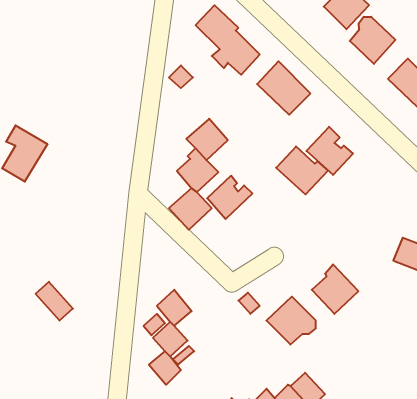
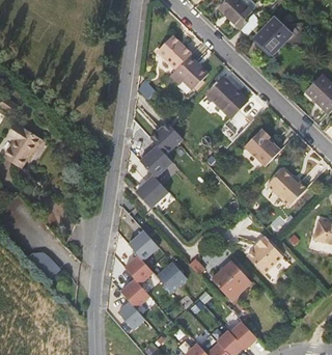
building: [350,17,395,64] -> none
building: [276,146,328,194] -> [266,169,306,207]
building: [207,176,252,219] -> none
building: none -> [130,230,160,261]
building: none -> [158,262,188,292]

